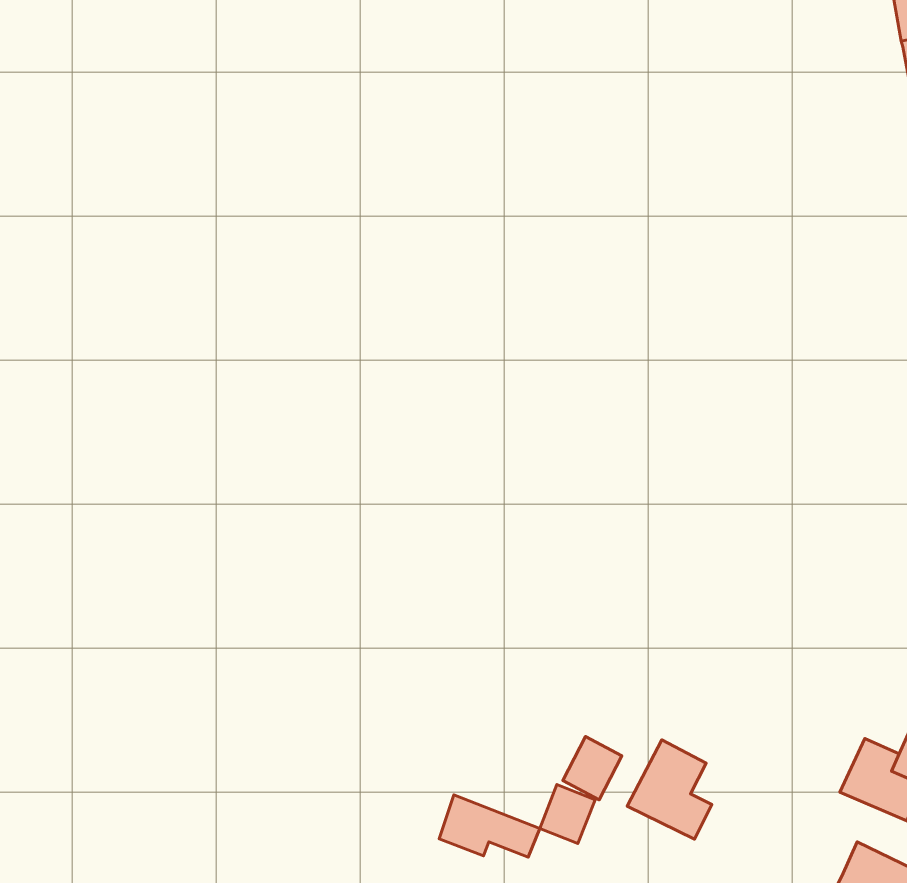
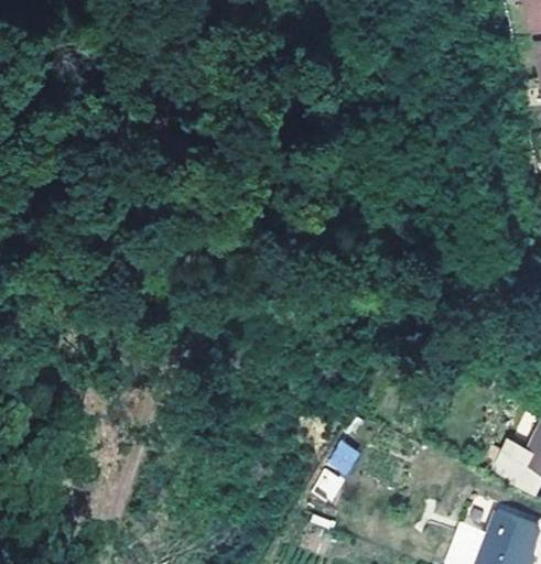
building: [627,740,712,839] -> none
building: [439,795,540,857] -> none

